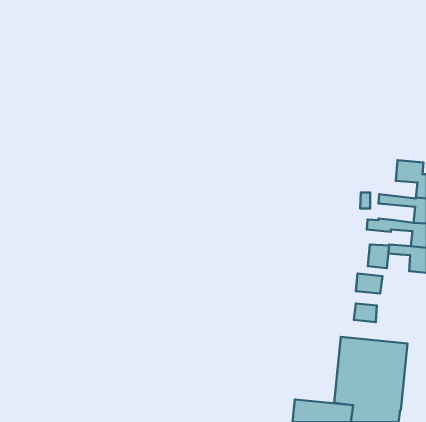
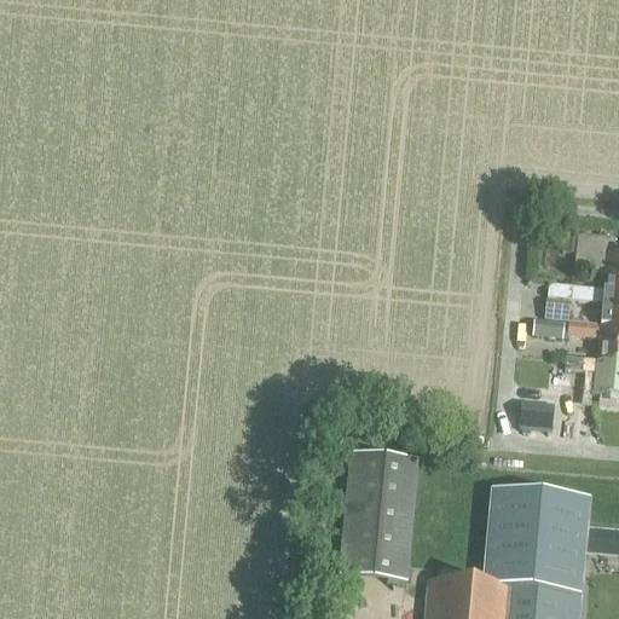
building: [368,244,389,268] -> none
building: [354,303,377,322] -> none
building: none -> [339,451,421,582]

